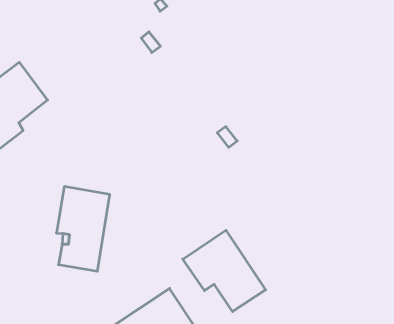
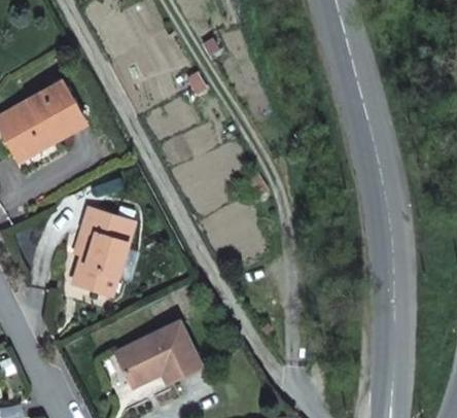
building: [183,230,266,312] -> none

